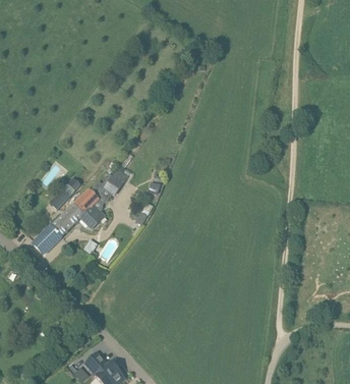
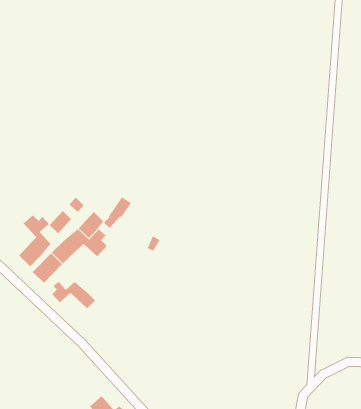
building: none -> [19,214,51,267]
building: none -> [52,281,96,309]

